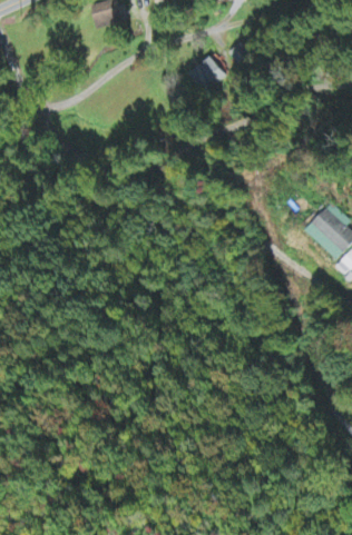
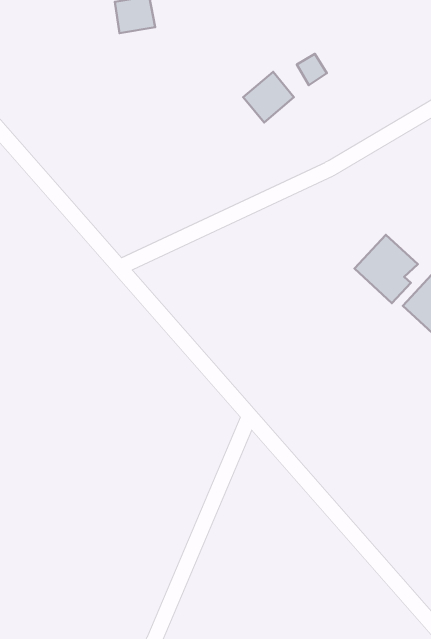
building: none -> [355,235,418,303]

